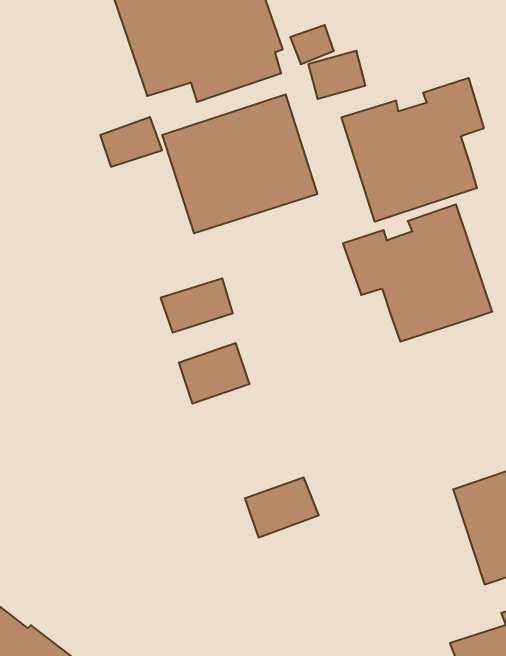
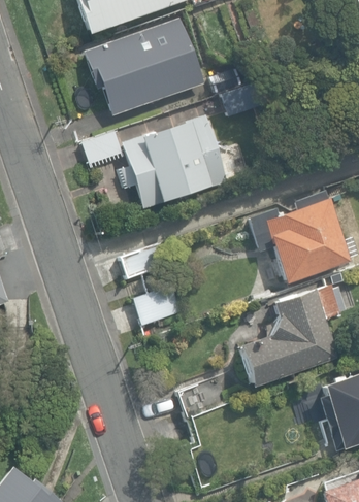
building: [342,78,484,222] -> none
building: none -> [237,283,339,390]

